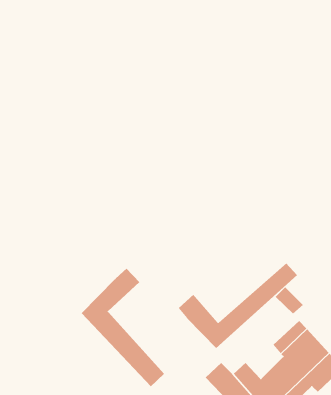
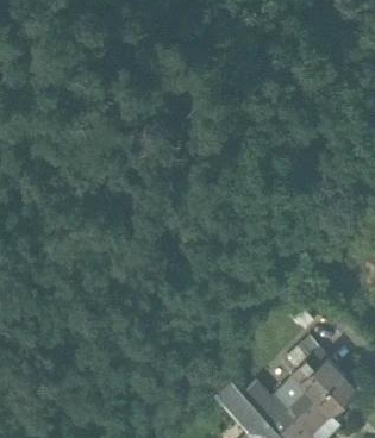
building: [178,263,298,349] -> none
building: [81,268,165,387] -> none

